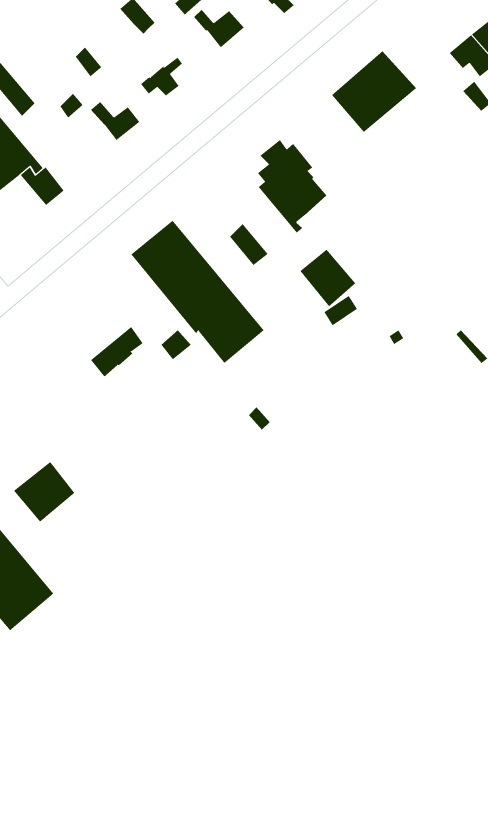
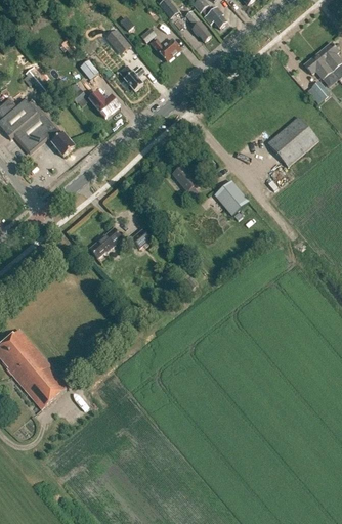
building: [331,50,417,133] -> [267,117,318,166]
building: [257,139,327,234] -> none
building: [130,220,265,364] -> none
building: [13,461,75,523] -> none

